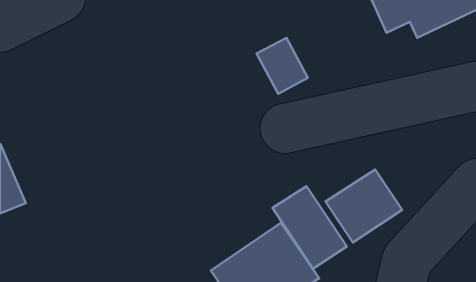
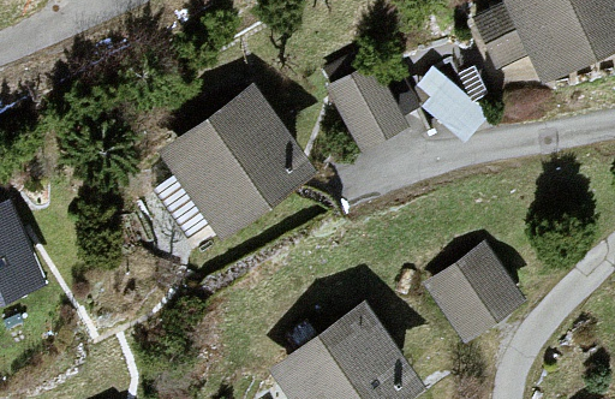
building: none -> [161,88,303,225]
building: [273,186,347,269] -> none

